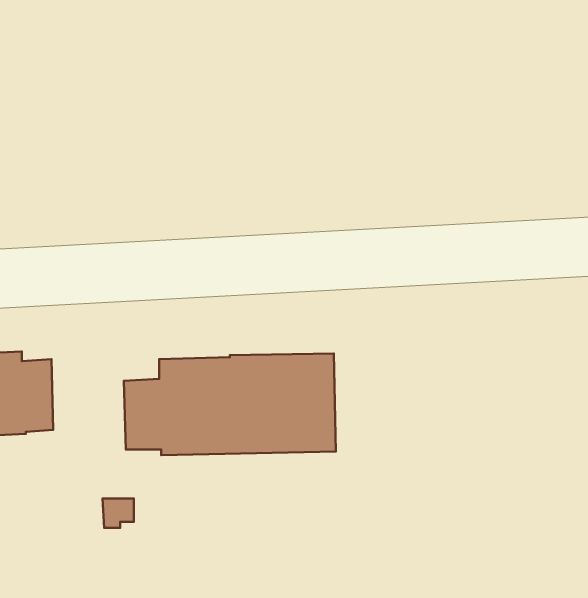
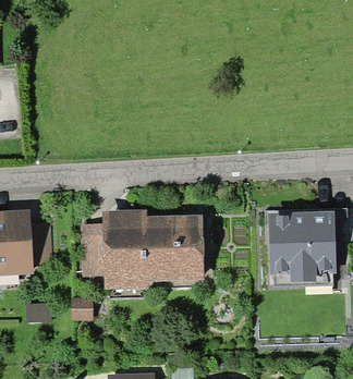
building: none -> [268,210,336,276]

